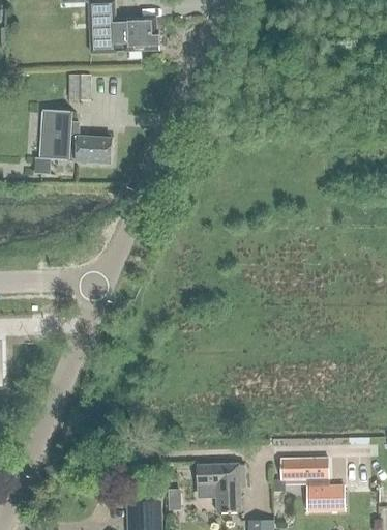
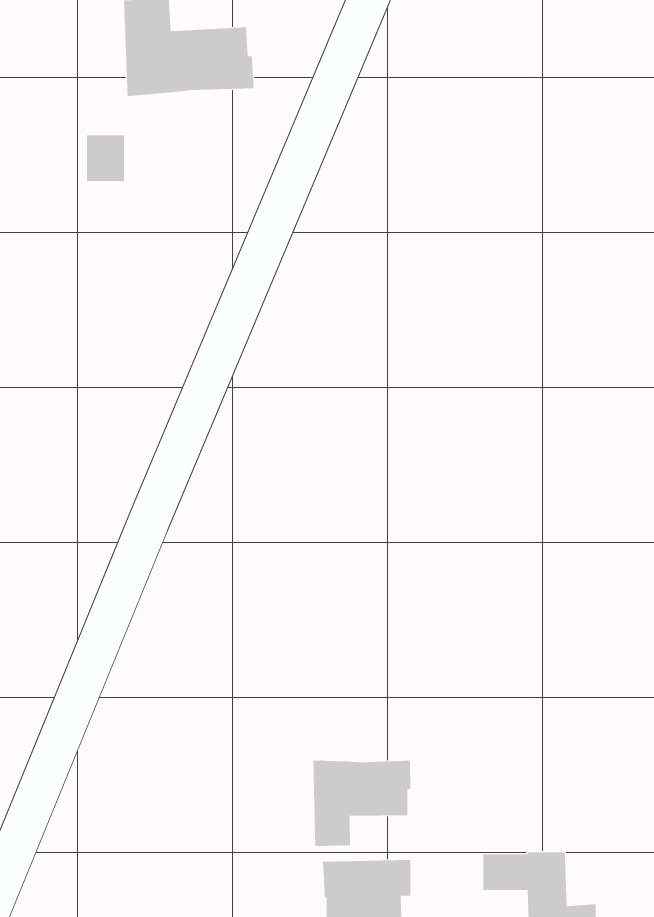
building: [36,109,111,174] -> none
building: none -> [313,760,411,847]

